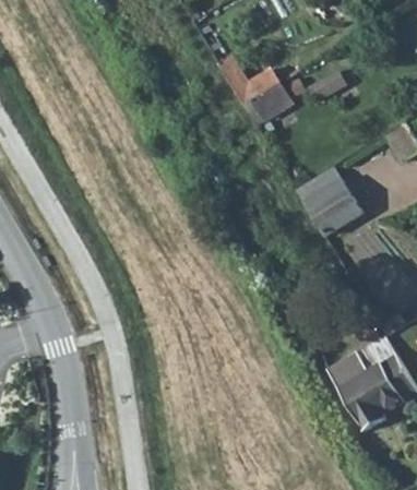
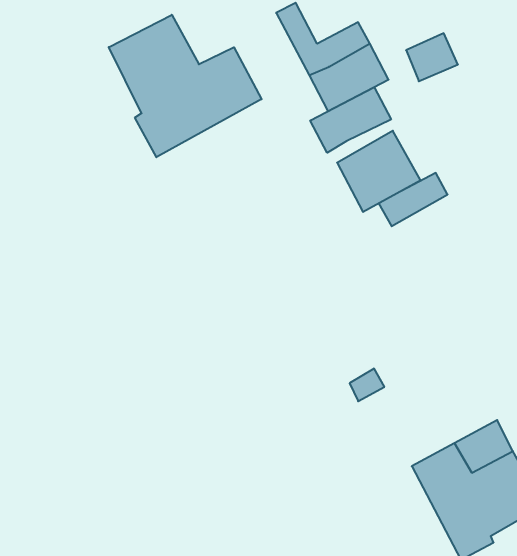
building: none -> [109,15,262,157]
building: none -> [310,87,391,153]
building: [305,179,362,236] -> [337,131,420,212]

